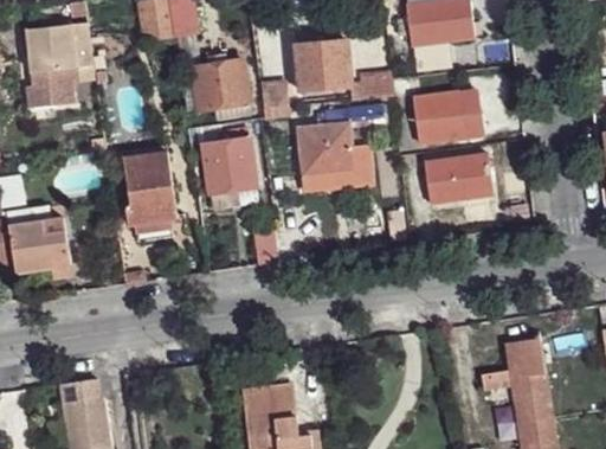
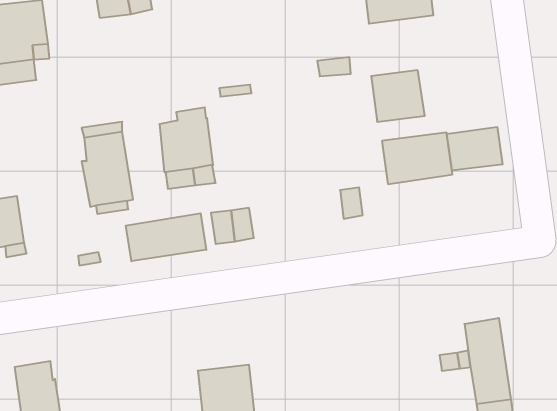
building: [297,33,352,92] -> none
building: [193,60,251,116] -> none
building: [298,104,388,177] -> none
building: none -> [447,127,503,170]
building: none -> [126,213,206,261]

